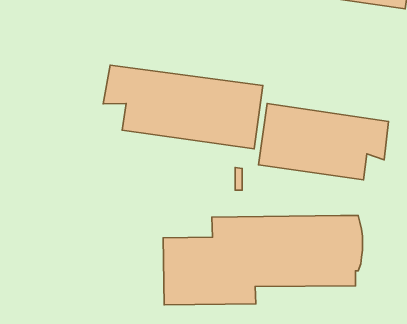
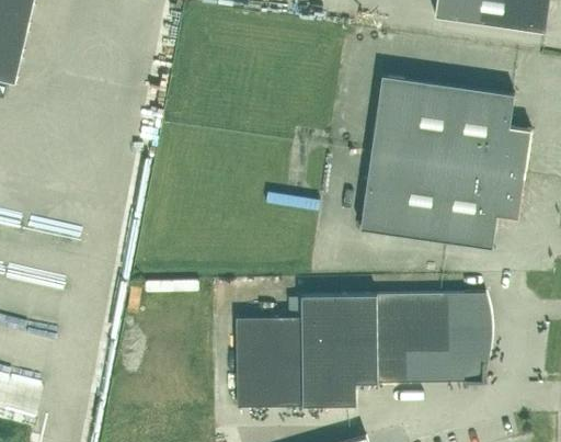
building: none -> [370,76,530,175]
building: [103,65,263,149] -> none

